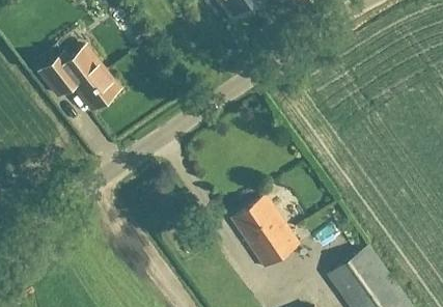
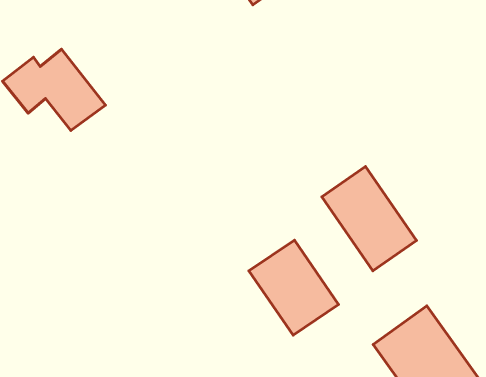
building: none -> [322,166,416,271]

